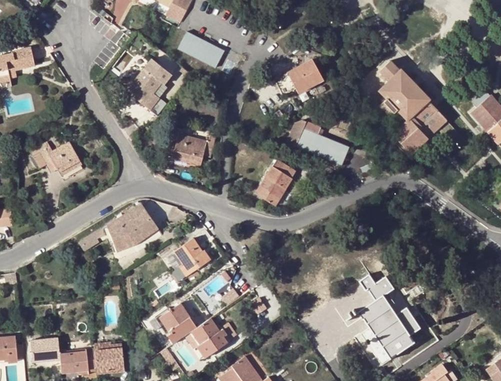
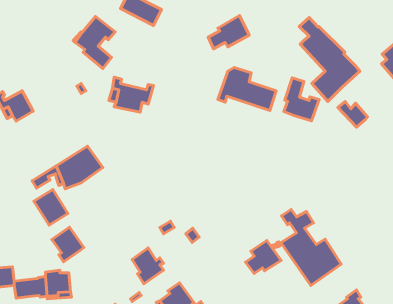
building: none -> [284,78,319,121]
building: none -> [338,102,368,127]
building: [255,167,291,204] -> none
building: [174,239,209,275] -> none
building: none -> [34,190,68,225]
building: [159,304,195,343] -> [52,227,84,262]
building: none -> [245,240,281,274]

